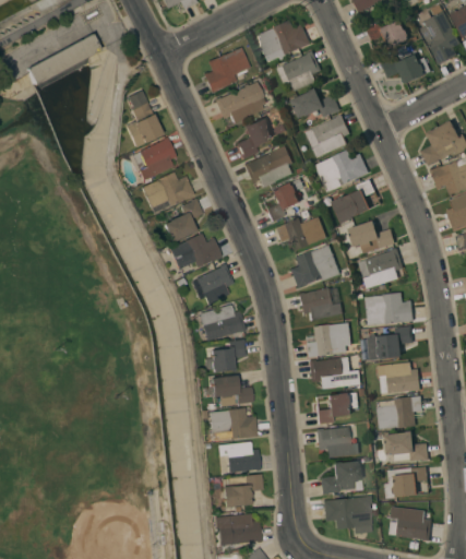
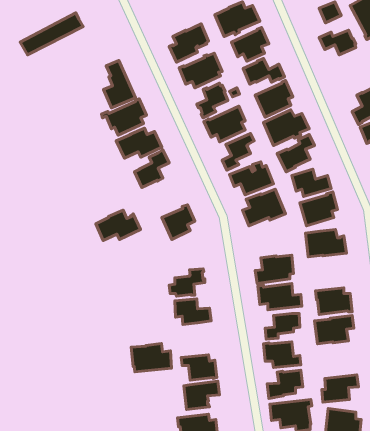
building: [168,233,222,269] -> [96,210,141,240]
building: [298,287,344,321] -> none
building: [198,305,246,341] -> none
building: [368,326,414,360] -> none
building: [208,407,256,441] -> [131,344,171,372]
building: [385,431,429,462] -> none

